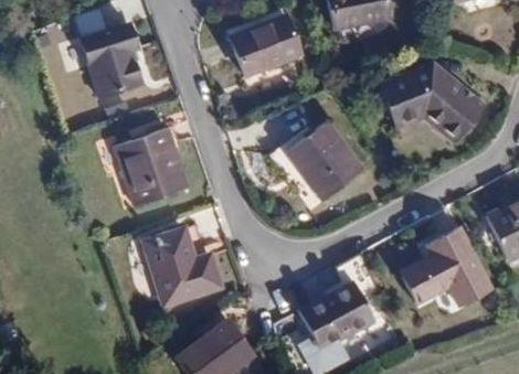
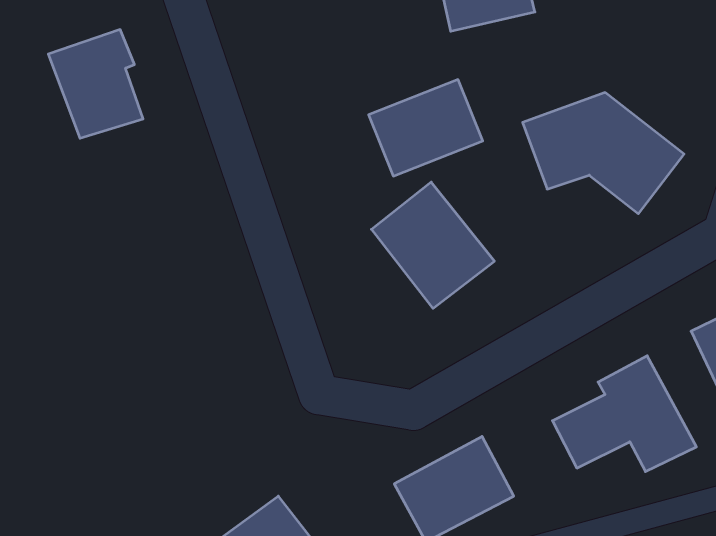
building: [229,17,300,77] -> [369,80,483,176]
building: [115,129,187,206] -> none
building: [142,229,221,306] -> none

